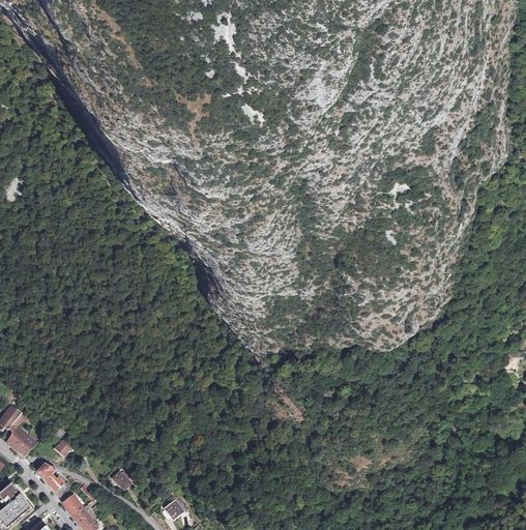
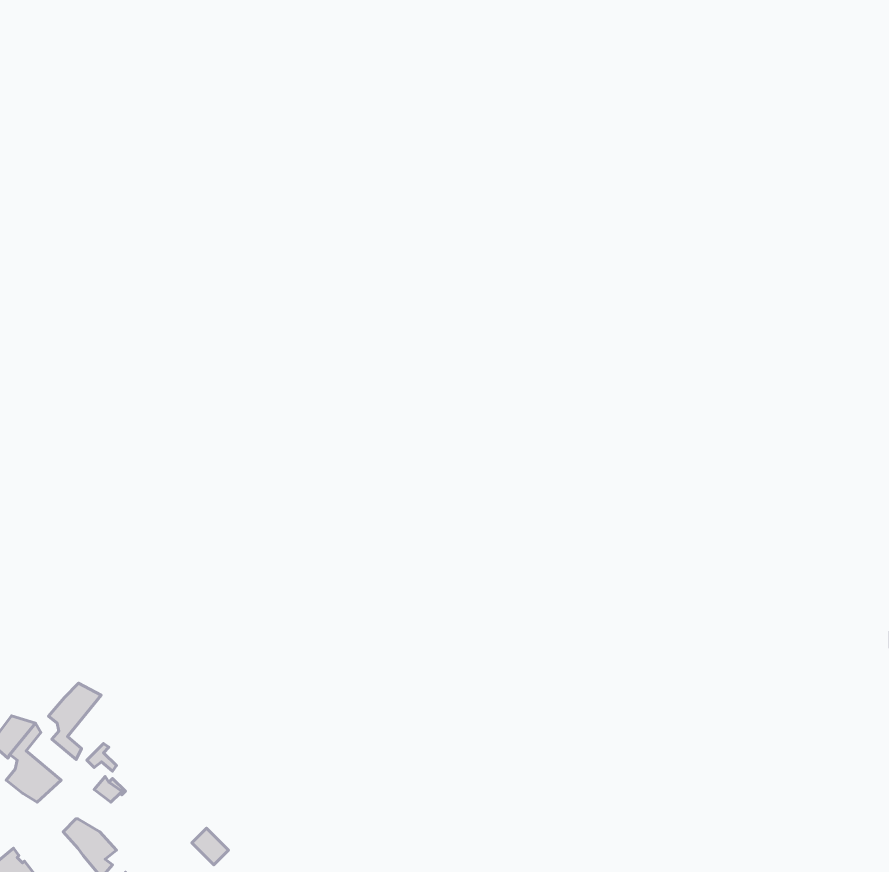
building: none -> [48,683,101,759]

